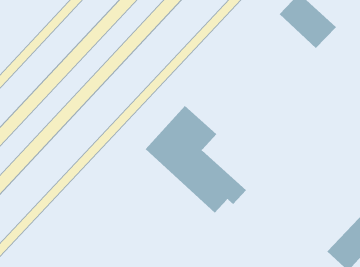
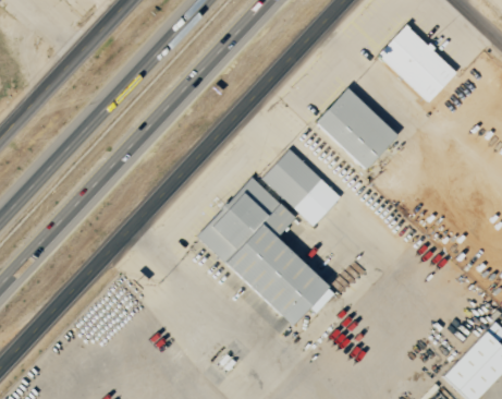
building: none -> [315,87,399,170]
building: none -> [264,149,342,227]

